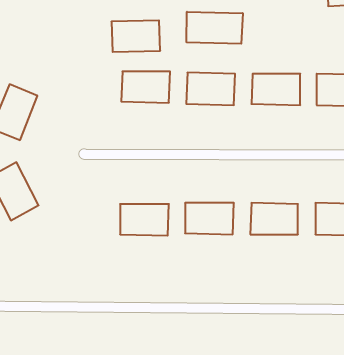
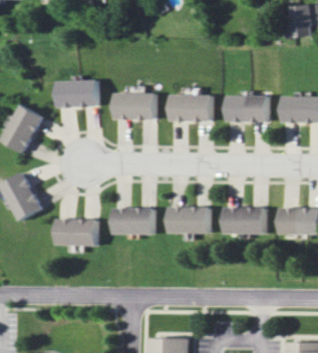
building: [187,12,243,44] -> none
building: [111,20,160,52] -> [54,80,96,107]
building: none -> [54,218,96,246]

